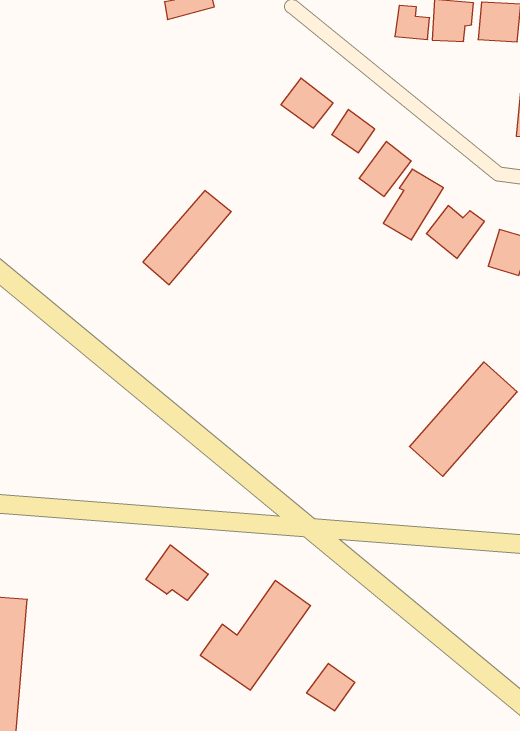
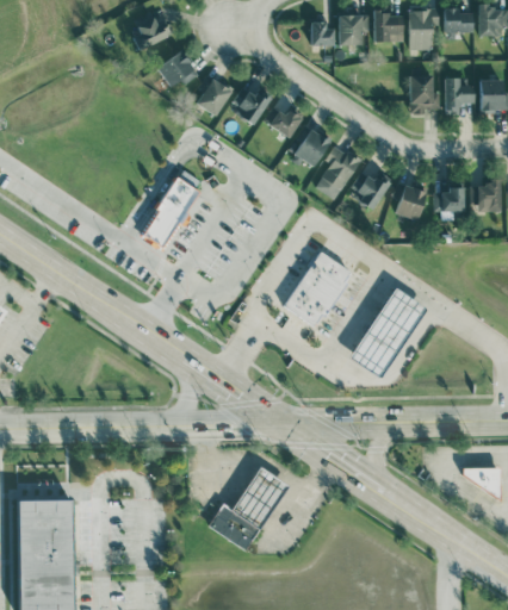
building: none -> [156,50,197,91]
building: none -> [197,76,233,114]
building: none -> [283,251,351,326]
building: [146,545,208,600] -> none
building: [307,663,355,711] -> none

